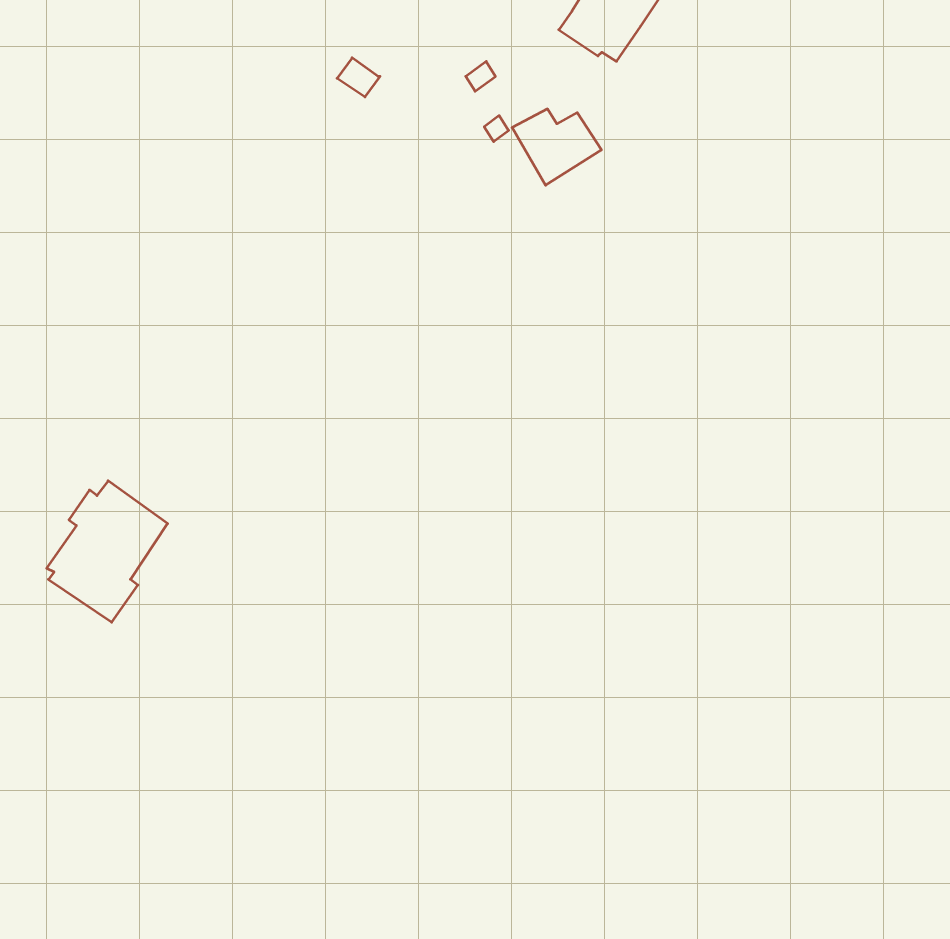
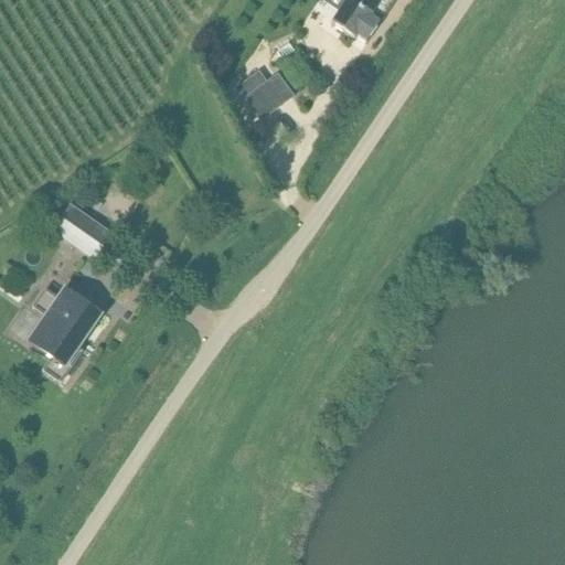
building: [512,109,601,185] -> [242,73,295,118]
building: none -> [55,202,110,253]

